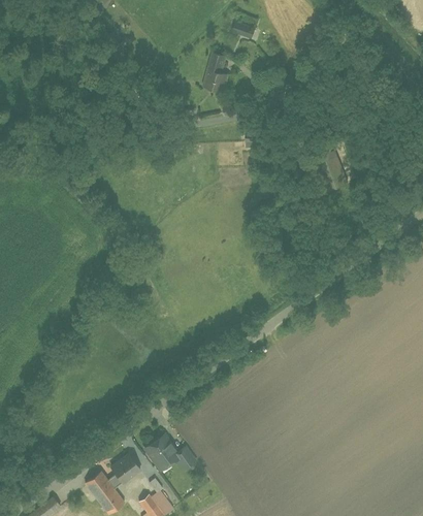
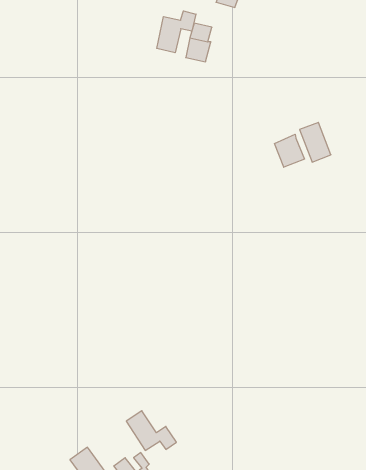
building: none -> [157,11,196,53]
building: none -> [275,134,305,167]
building: [111,453,142,484] -> none

